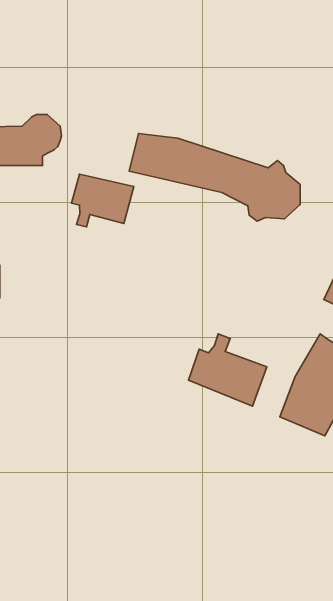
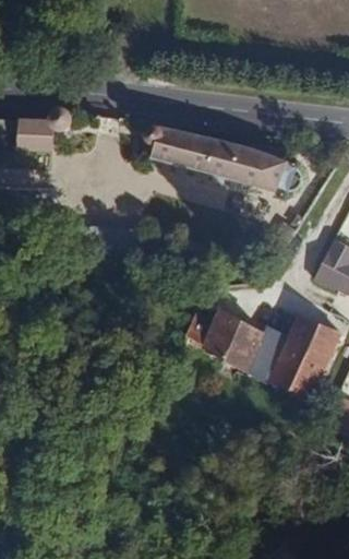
building: [72,174,134,227] -> none
building: none -> [252,338,291,384]

